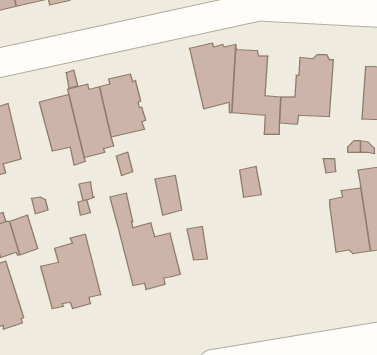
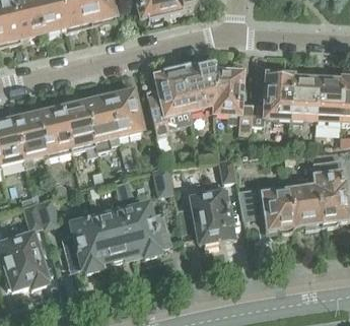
building: none -> [149,61,192,135]
building: none -> [290,73,319,120]
building: none -> [38,107,71,151]
building: none -> [191,184,234,244]
building: none -> [239,185,295,231]
building: none -> [97,204,135,260]

